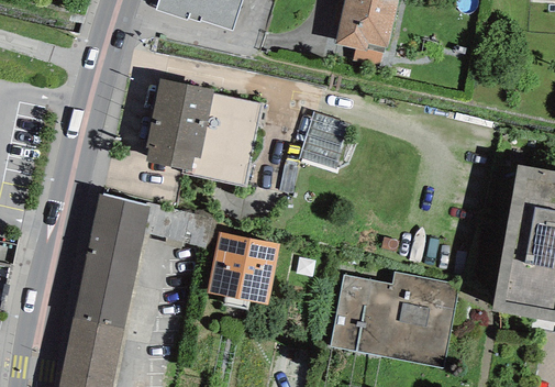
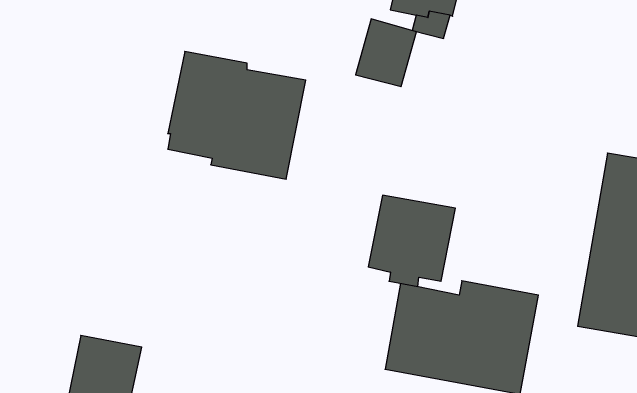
building: [299,112,351,169] -> [356,19,417,87]
building: [73,196,149,328] -> none
building: [207,232,280,309] -> [368,195,455,286]

